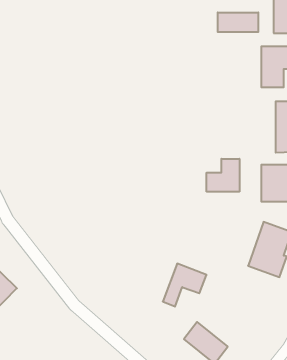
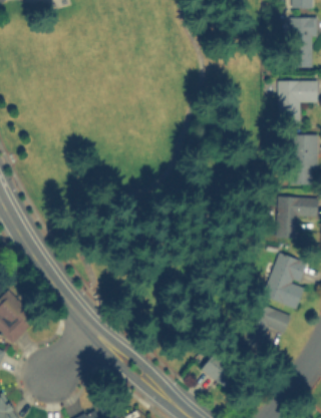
building: [218,12,258,32] -> none
building: [207,159,239,192] -> none
building: [163,264,207,307] -> [247,305,290,347]

